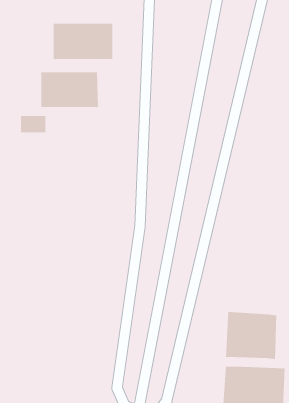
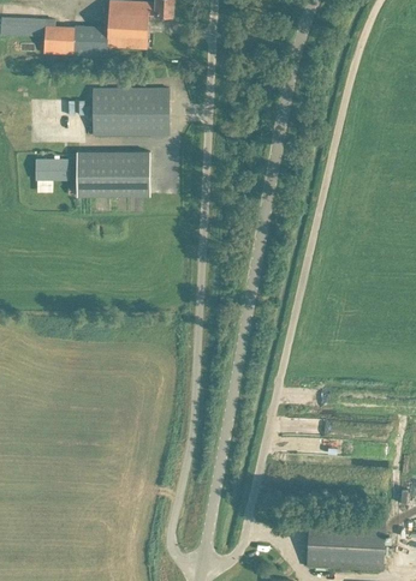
building: [20,116,46,133] -> [35,158,67,180]
building: [226,311,277,360] -> none

